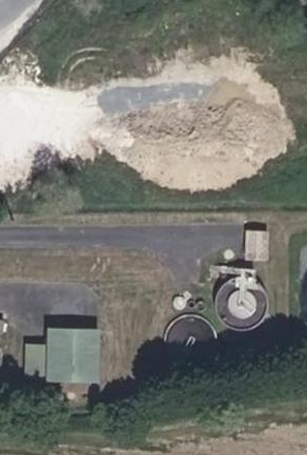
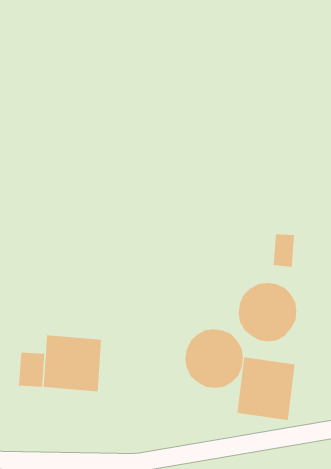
building: none -> [237,357,295,421]

